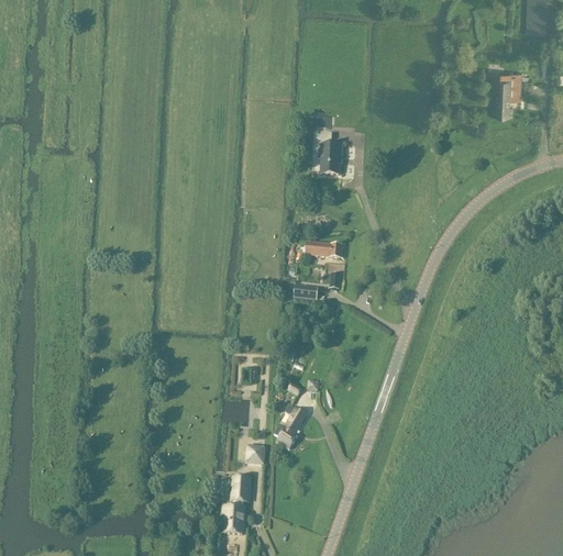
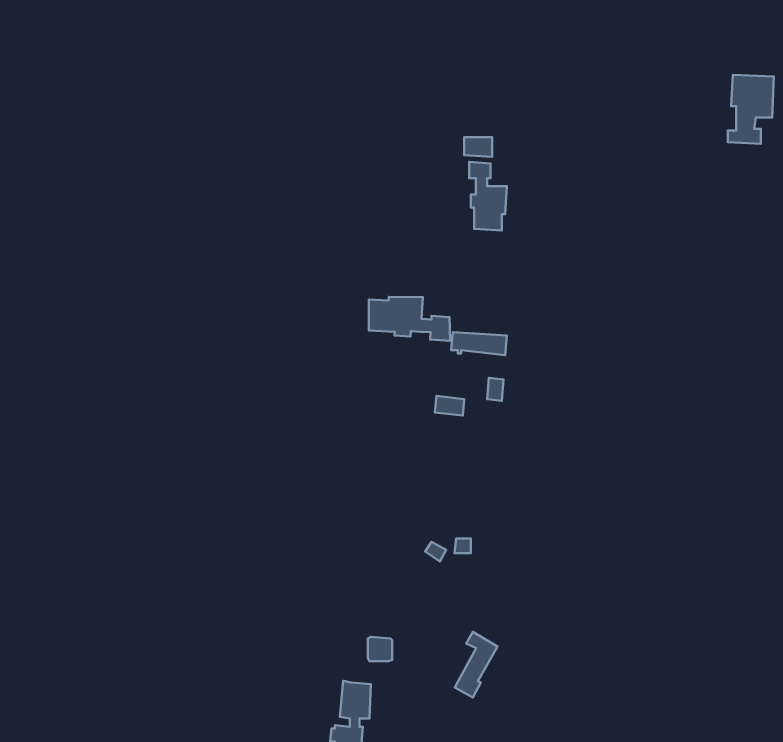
building: none -> [369,297,450,341]
building: [277,405,306,449] -> [455,632,497,697]

